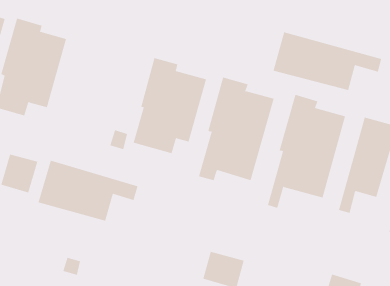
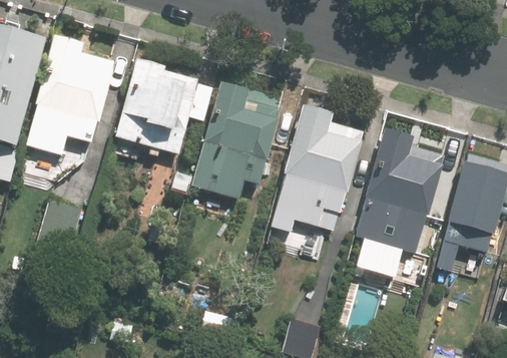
building: [273,31,382,91] -> none
building: none -> [114,61,213,157]
building: [38,160,138,221] -> none

